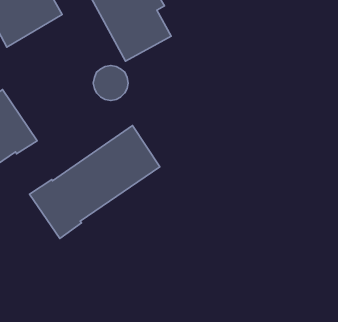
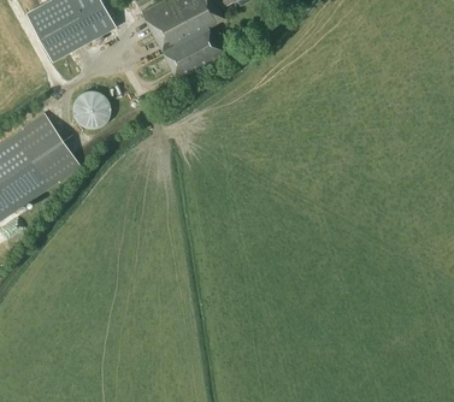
building: [93,66,128,100] -> [73,89,112,128]
building: [29,126,160,239] -> none

